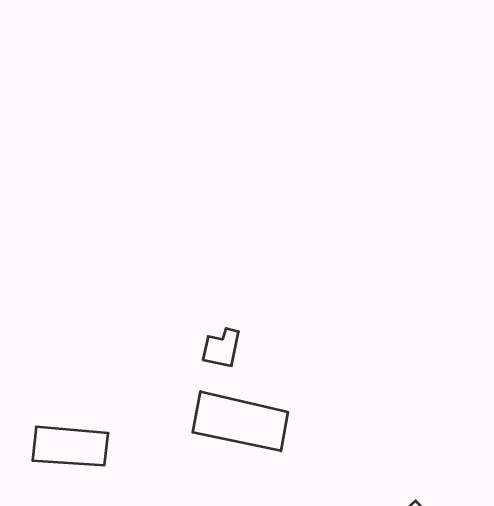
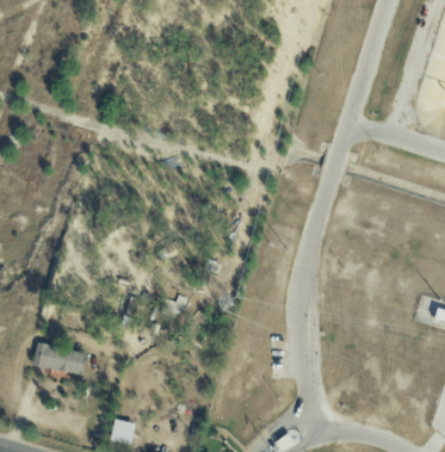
building: [193,391,288,451] -> none

